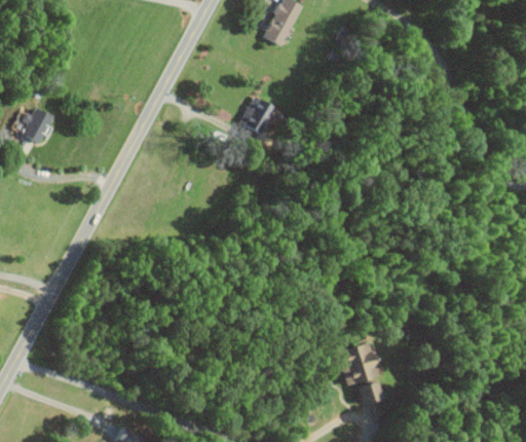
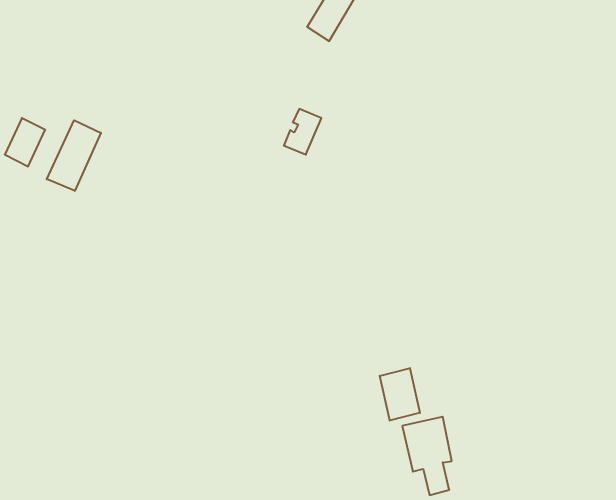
building: none -> [47,120,101,191]
building: none -> [380,368,420,421]

